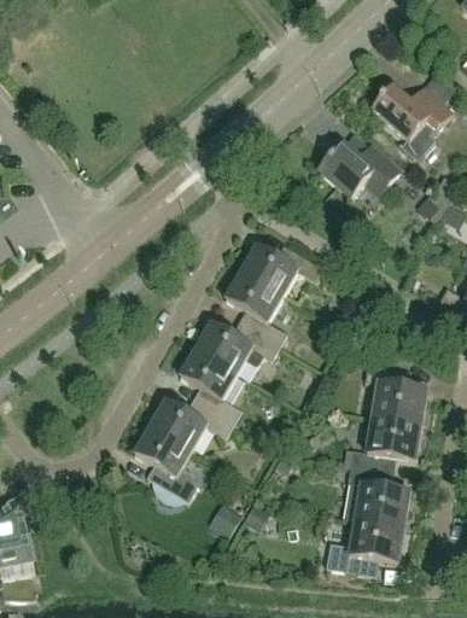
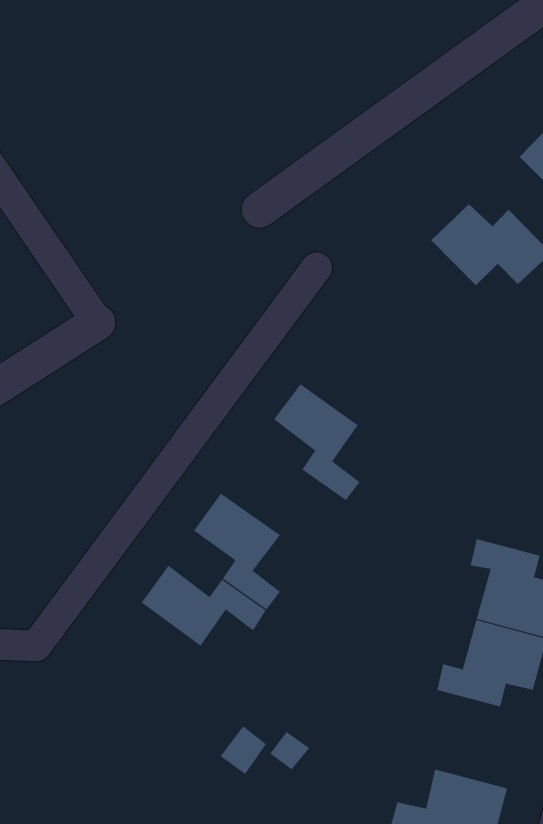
building: [243,244,326,295] -> none
building: [197,321,280,372] -> none
building: [135,425,197,501] -> none
building: [344,465,410,525] -> none

